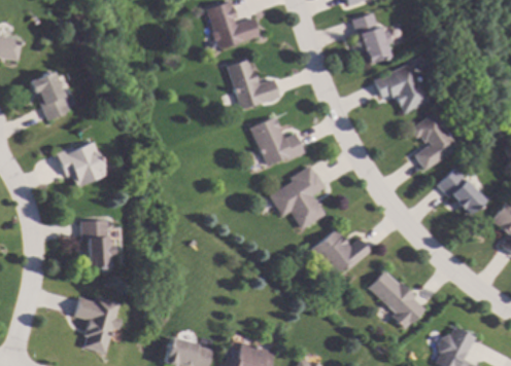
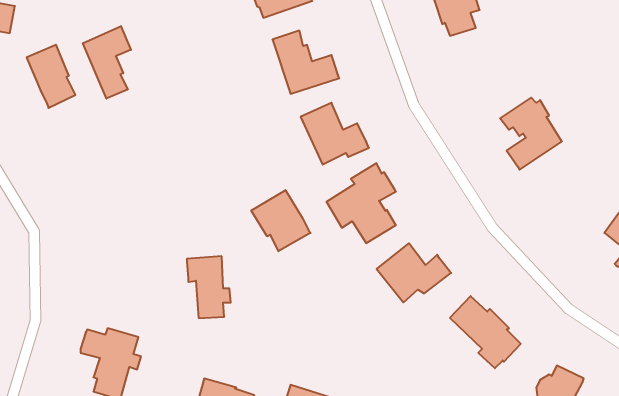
building: none -> [83,26,131,99]
building: [373,62,430,113] -> none
building: [56,141,107,187] -> none
building: [437,168,485,214] -> none
building: none -> [251,190,311,251]
building: [79,219,114,268] -> [187,256,231,318]

